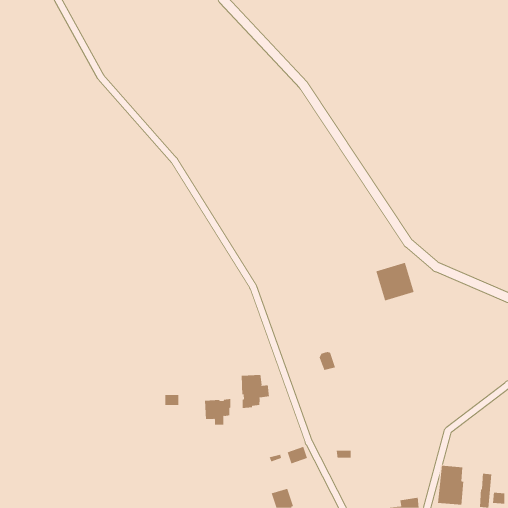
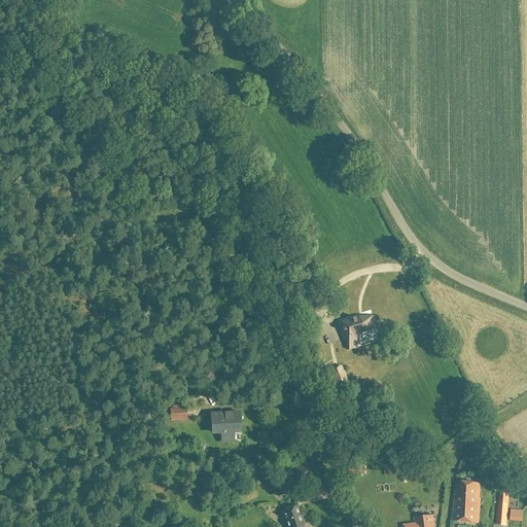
building: [376,262,414,301] -> [343,311,383,351]
building: [241,374,269,409] -> none

